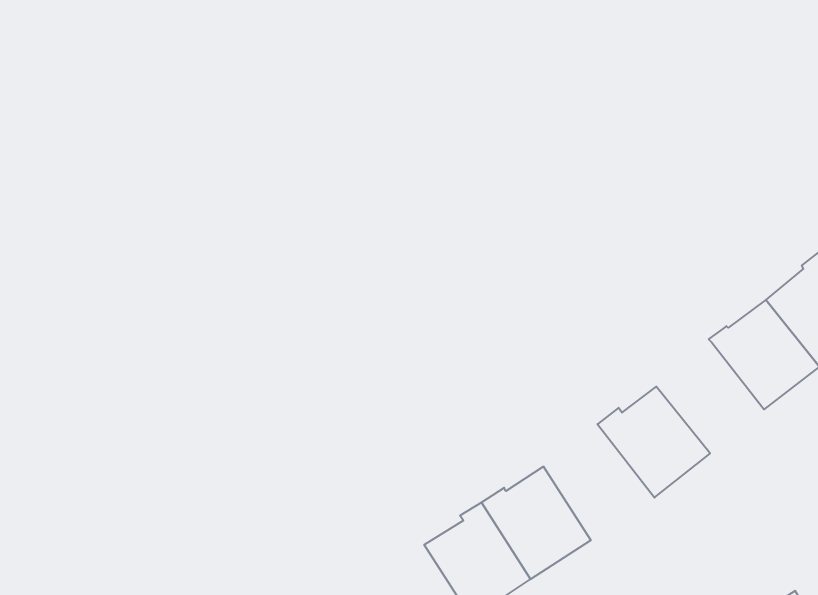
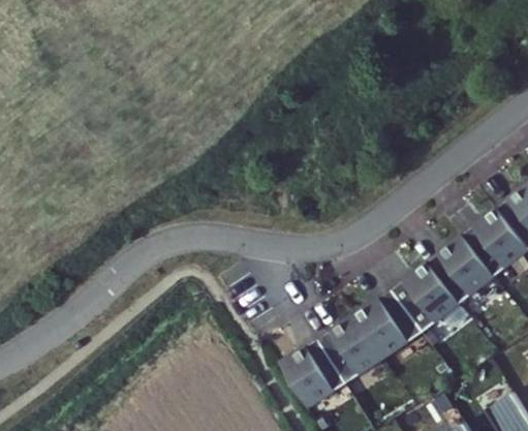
building: none -> [423,236,493,306]
building: none -> [353,287,424,361]

